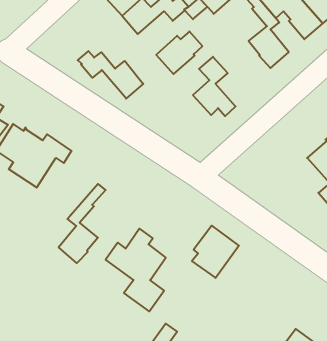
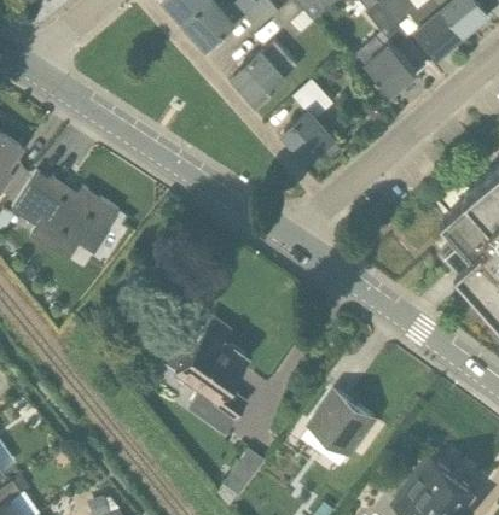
building: [78,51,143,99] -> none
building: [59,184,106,263] -> none
building: [192,226,239,278] -> [308,392,373,464]

